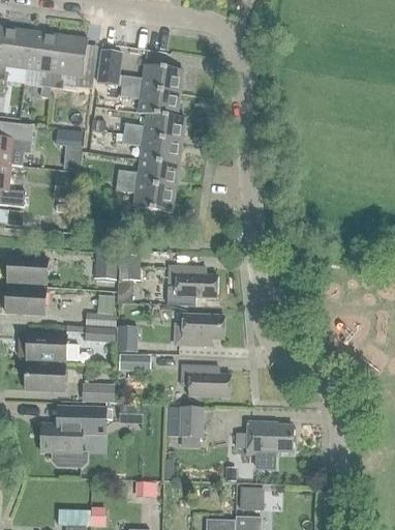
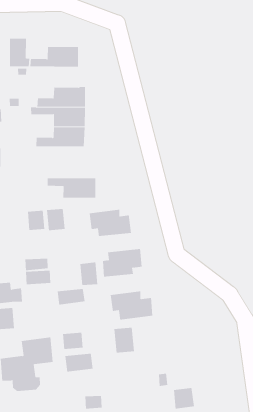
building: [120,85,184,117] -> none
building: [115,180,174,211] -> [47,178,96,198]
building: [117,325,138,352] -> [80,262,98,286]
building: [82,382,114,402] -> [65,353,93,372]
building: [236,420,293,468] -> none

